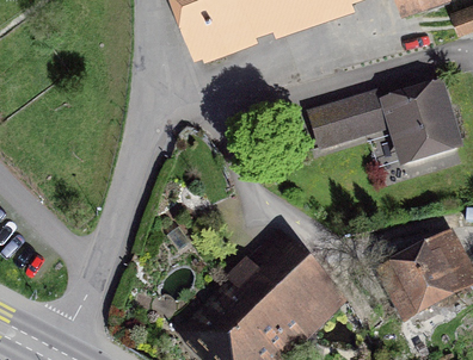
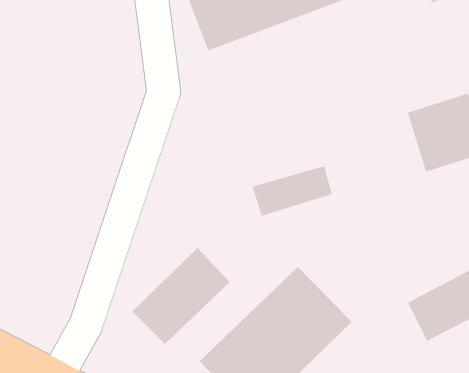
building: [315,95,389,142] -> [252,166,333,216]
building: none -> [131,247,230,345]

